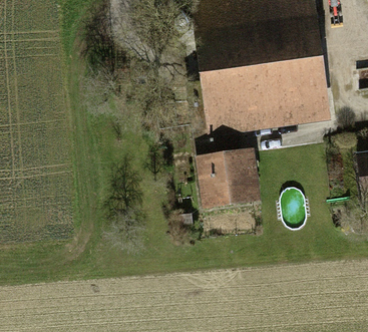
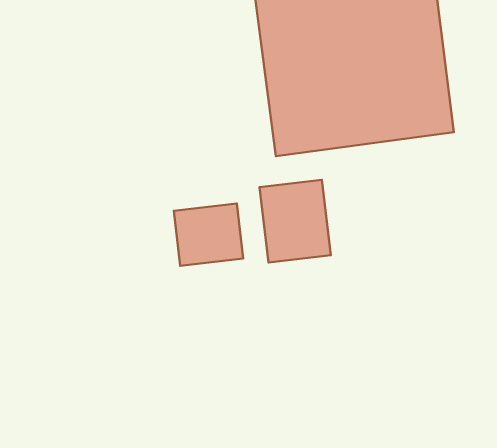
building: none -> [174,203,243,266]

